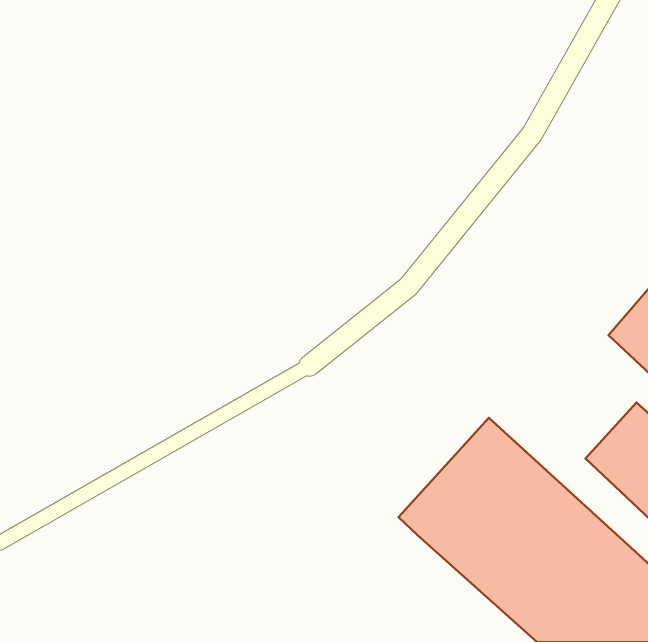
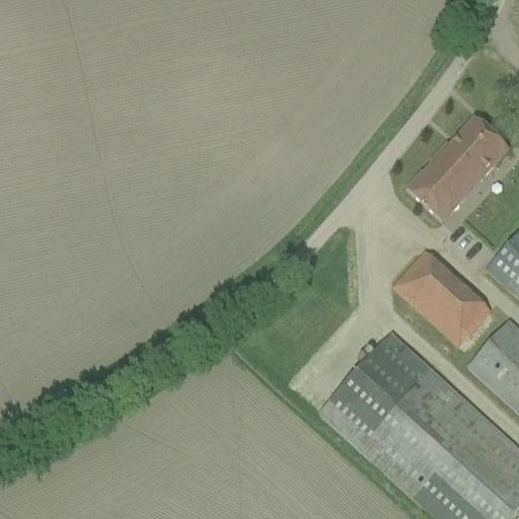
building: none -> [406,116,510,220]
building: none -> [393,249,491,345]

